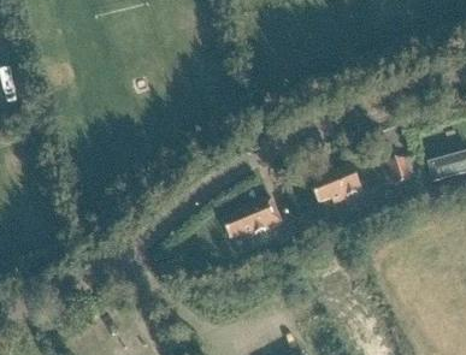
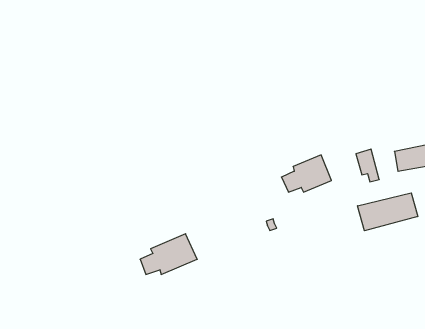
building: [222,194,281,236] -> [140,234,197,274]
building: none -> [358,193,418,231]

